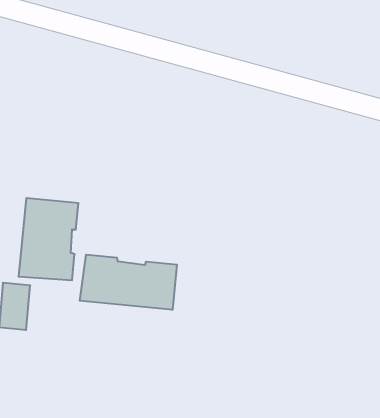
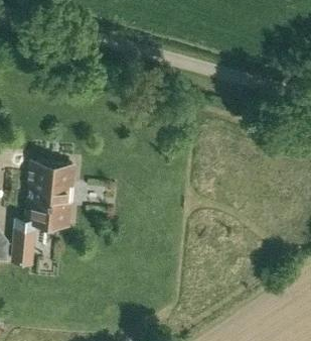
building: [80,255,177,310] -> none

